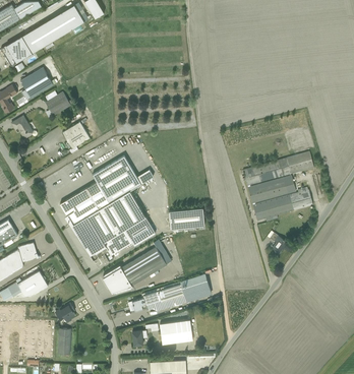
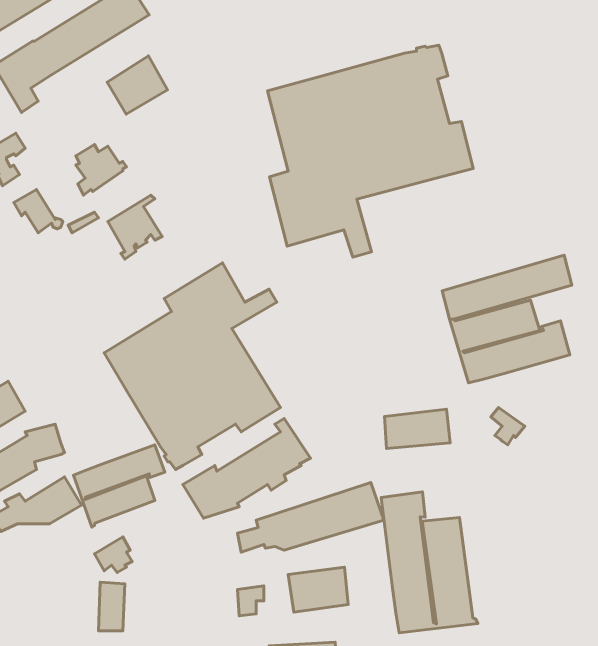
building: none -> [268,45,473,257]
building: [19,67,52,99] -> [107,56,167,114]
building: [168,208,203,230] -> [385,409,450,449]
building: none -> [73,445,165,527]
building: none -> [381,492,478,633]

